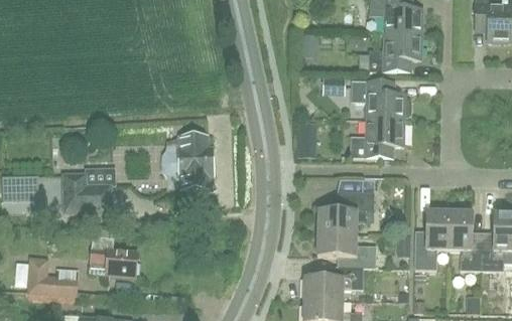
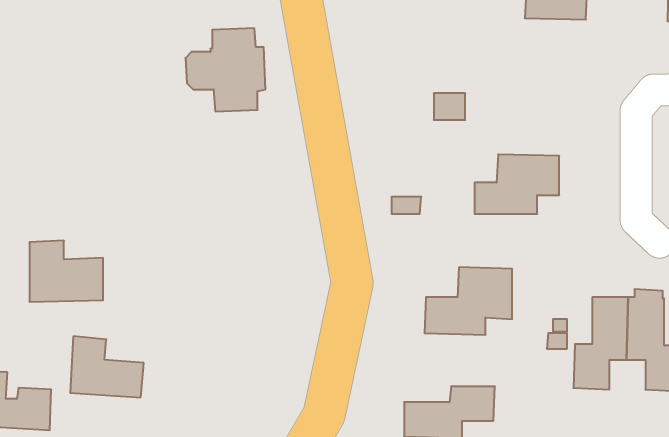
building: [367,30,421,70] -> none
building: [350,79,410,119] -> none
building: [162,135,214,188] -> [185,28,265,111]
building: [317,232,375,268] -> none

